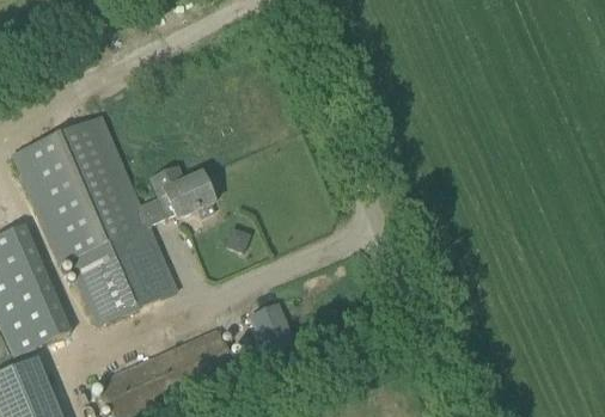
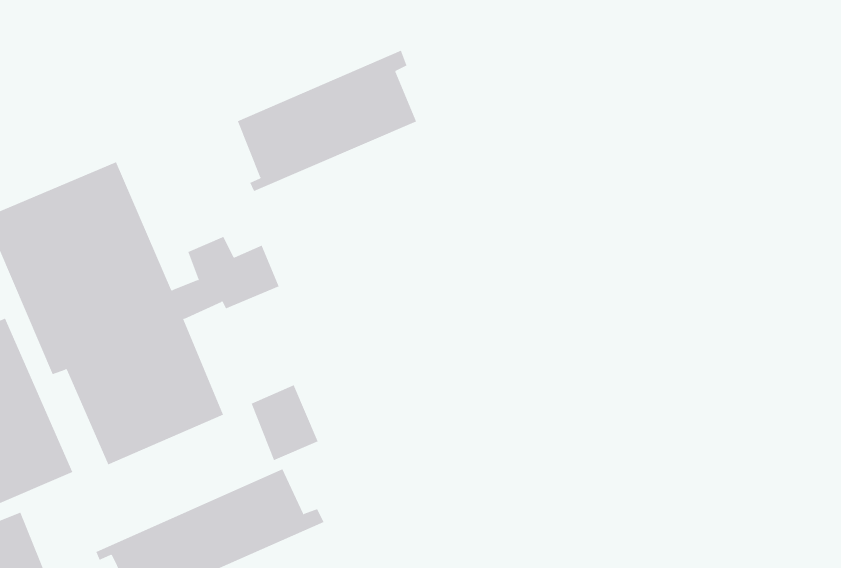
building: none -> [237,50,417,192]
building: [249,302,295,355] -> [251,384,319,461]

